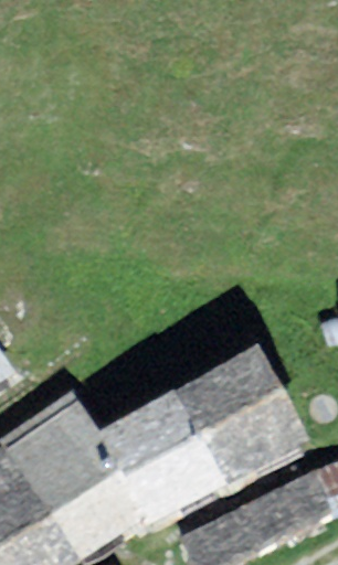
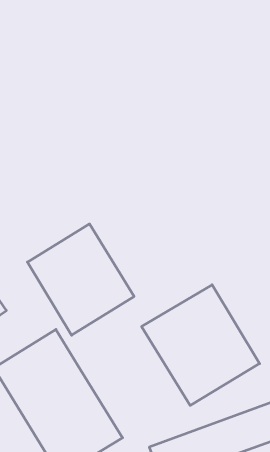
building: none -> [27,224,134,335]
building: [98,391,229,527] -> none

